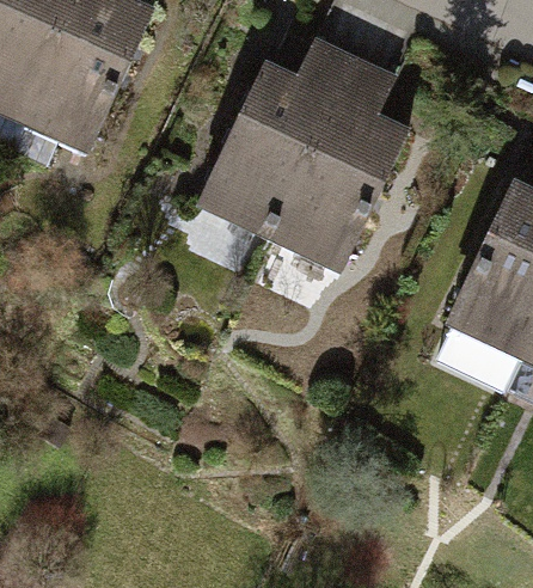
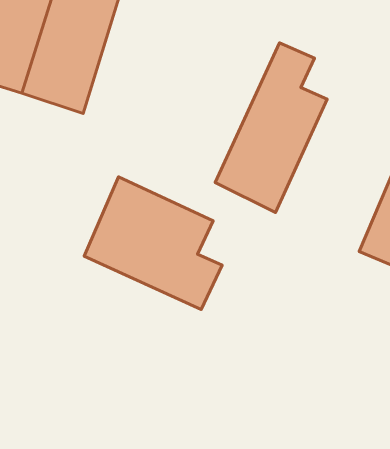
building: [196,47,350,238] -> none
building: none -> [84,177,222,310]

